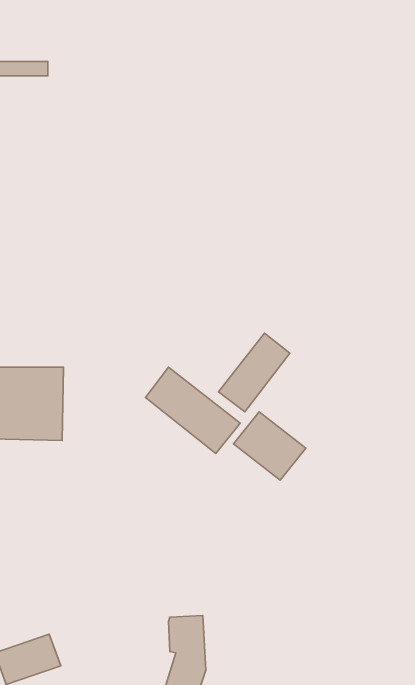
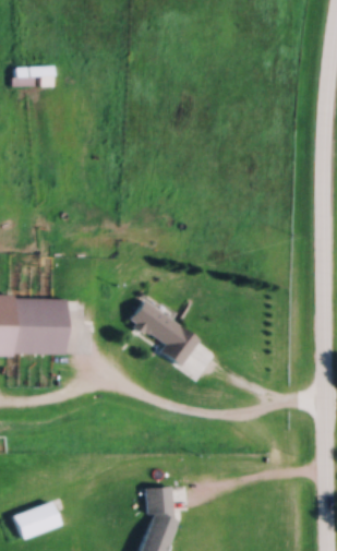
building: [218,333,290,412] -> none
building: [233,412,306,480] -> none

